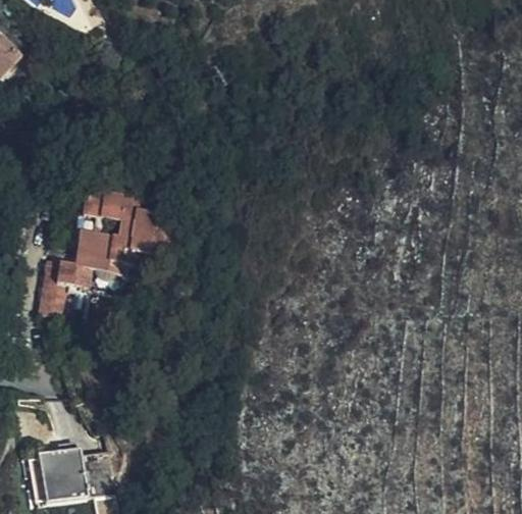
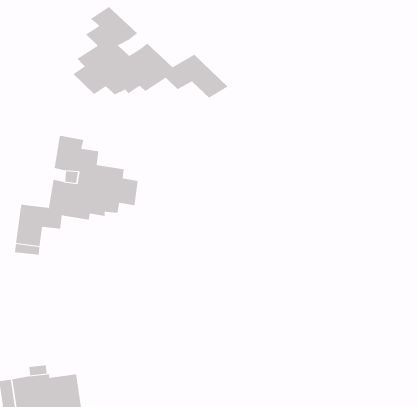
building: none -> [72,6,229,99]

